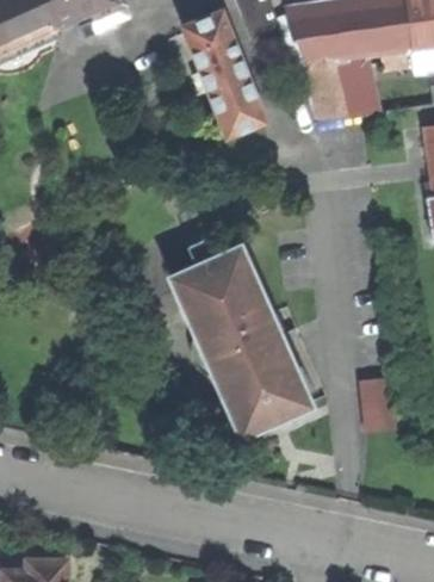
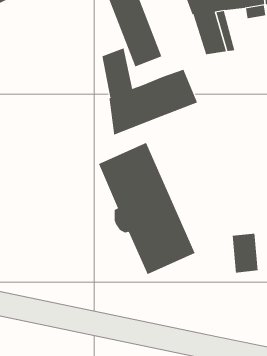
building: none -> [102,48,198,135]

